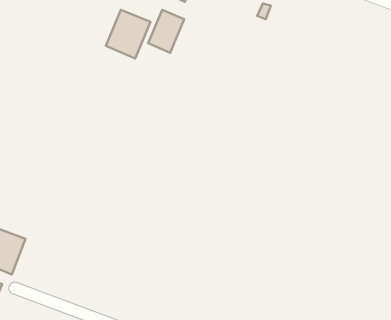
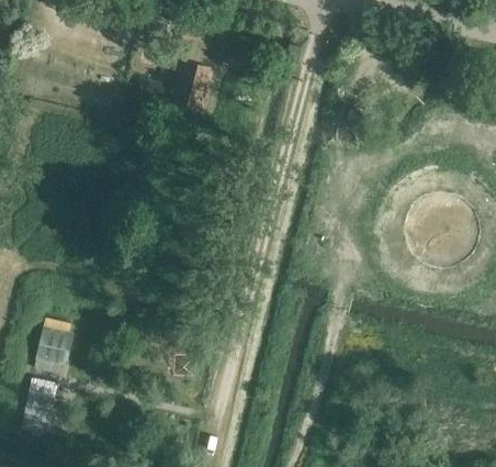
building: [106,10,151,58] -> none

